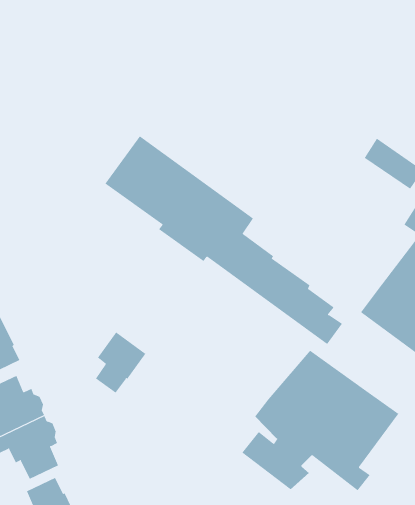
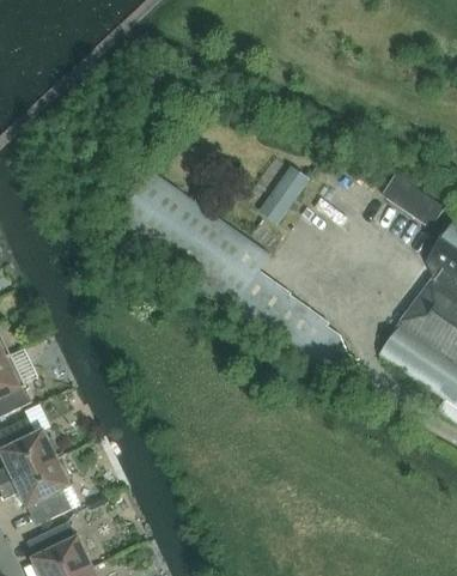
building: none -> [258,165,309,224]
building: [95,332,146,394] -> none
building: [241,350,399,491] -> none

